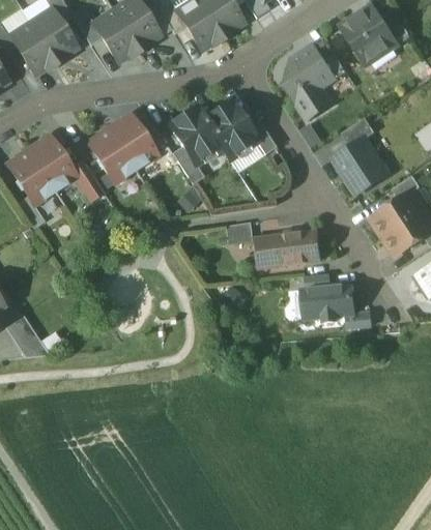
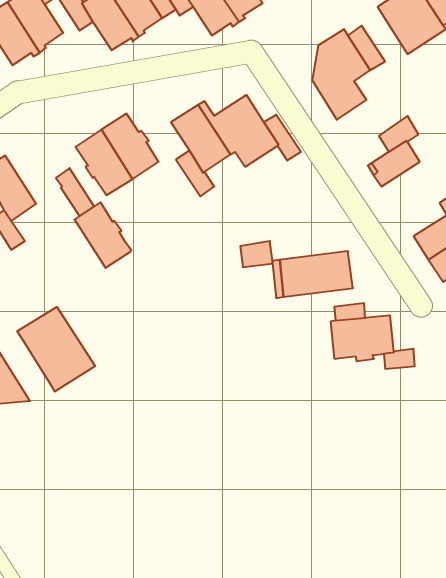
building: [28,136,76,190] -> [74,202,131,268]
building: [343,155,383,195] -> none
building: none -> [17,307,95,392]

